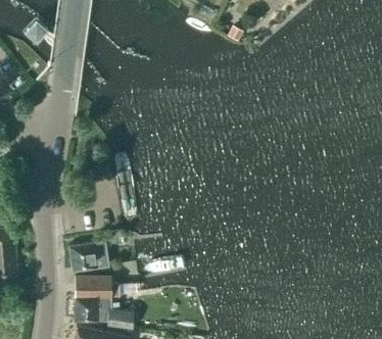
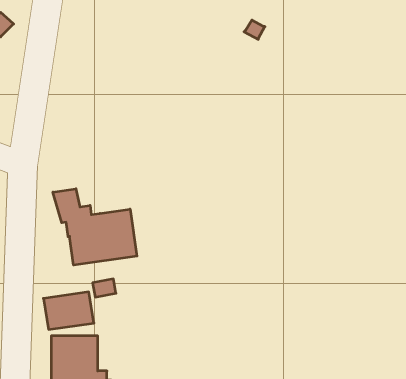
building: none -> [53,189,137,265]

